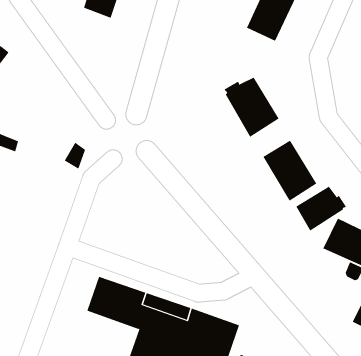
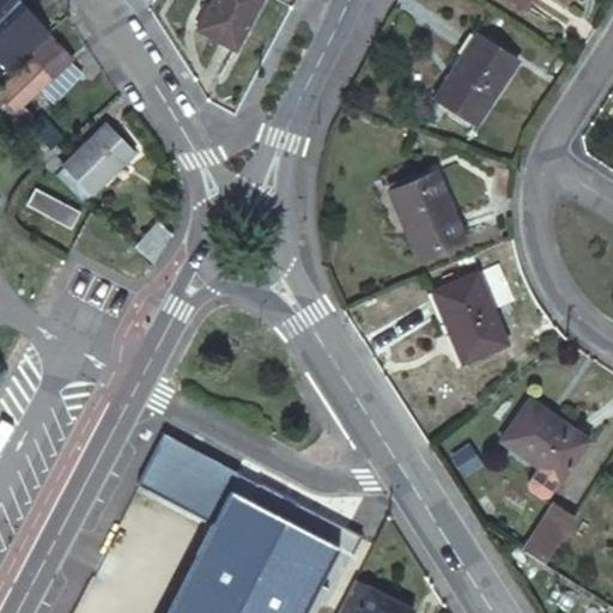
building: none -> [60,131,131,208]
building: [295,186,347,232] -> none

